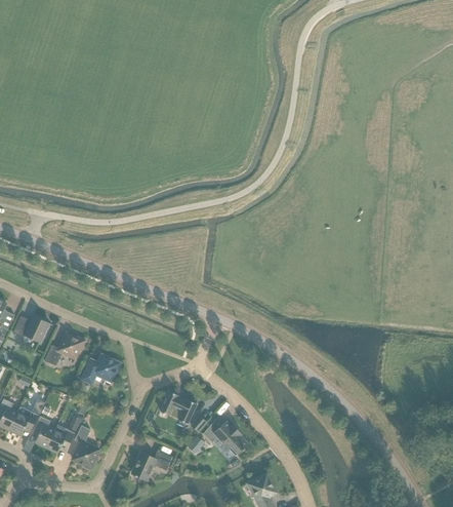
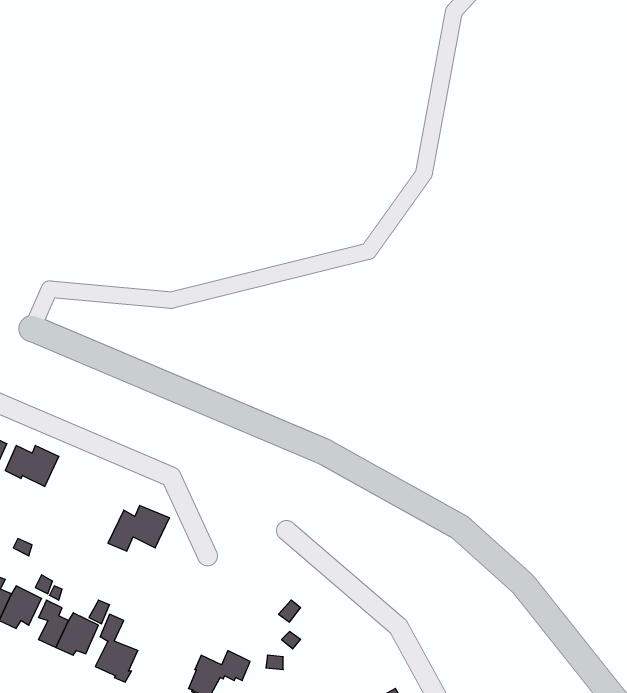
building: [44,333,85,366] -> none
building: [160,391,197,424] -> none
building: [203,418,248,457] -> none

